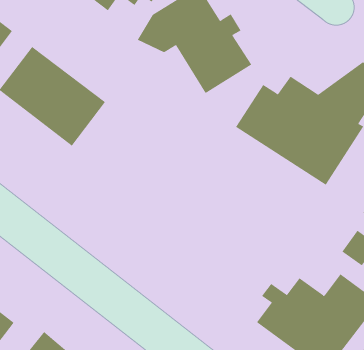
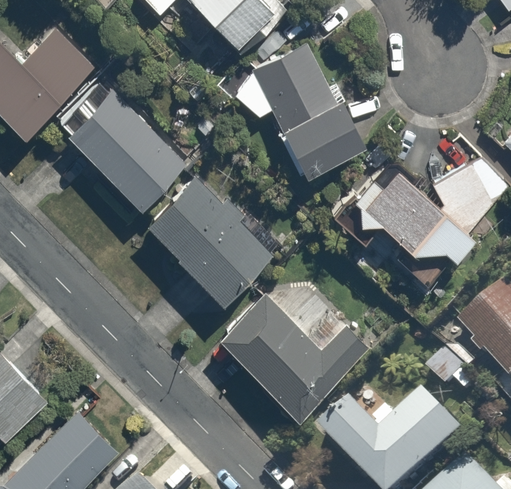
building: none -> [145,167,279,303]
building: none -> [218,290,372,418]

